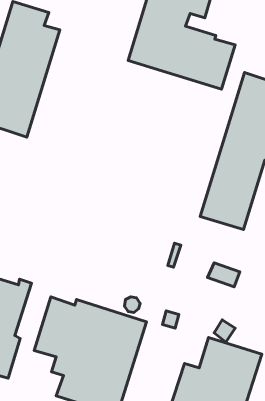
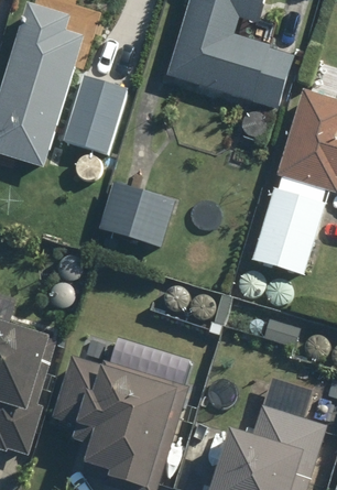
building: none -> [63,74,128,153]
building: none -> [98,179,175,247]

